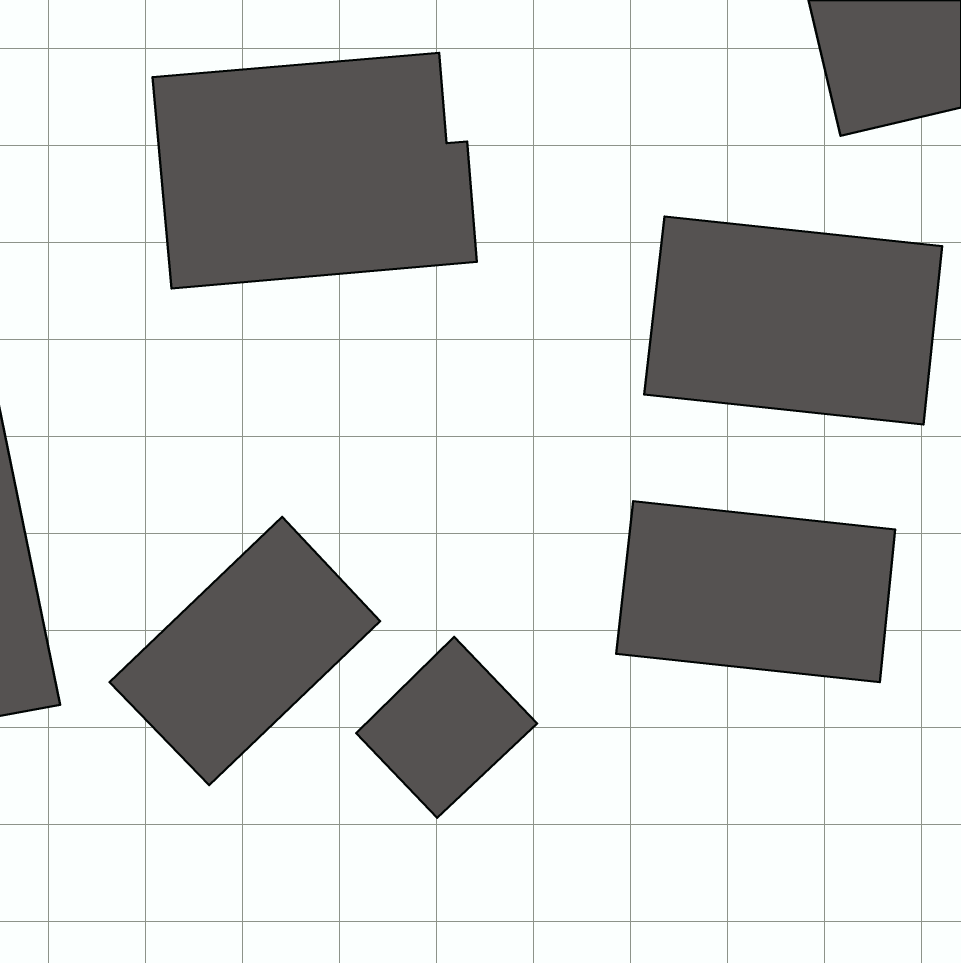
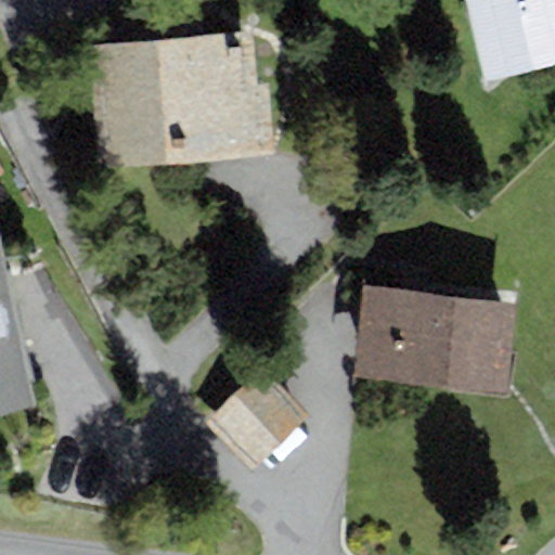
building: [644,217,942,424] -> none
building: [110,517,380,785] -> none

